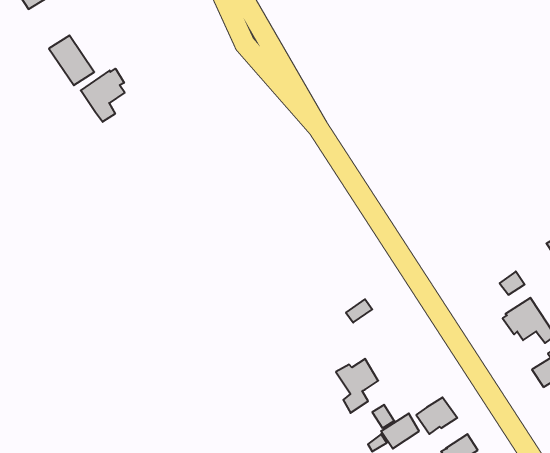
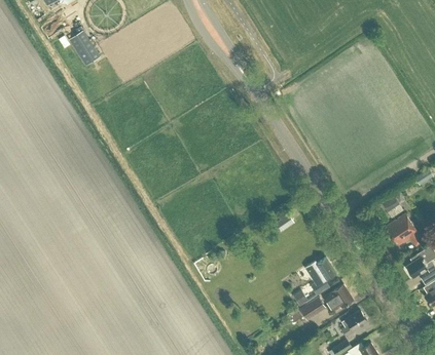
building: [81,69,125,122] -> none
building: [336,359,378,413] -> [305,258,335,295]

